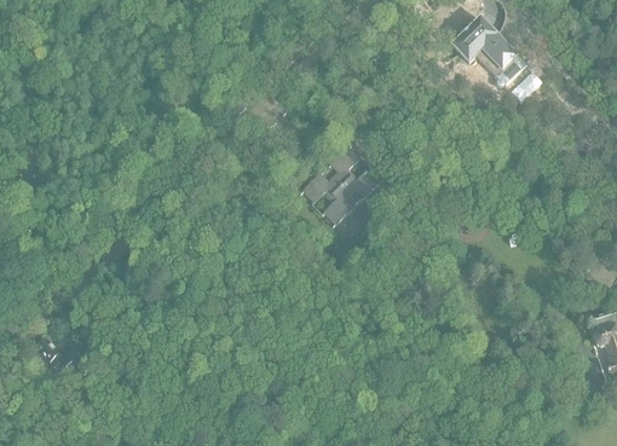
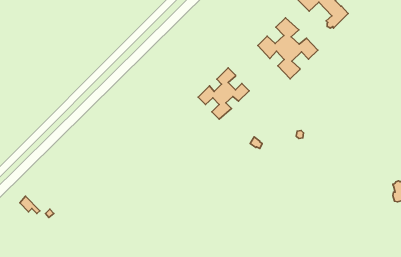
building: none -> [258,18,318,79]

